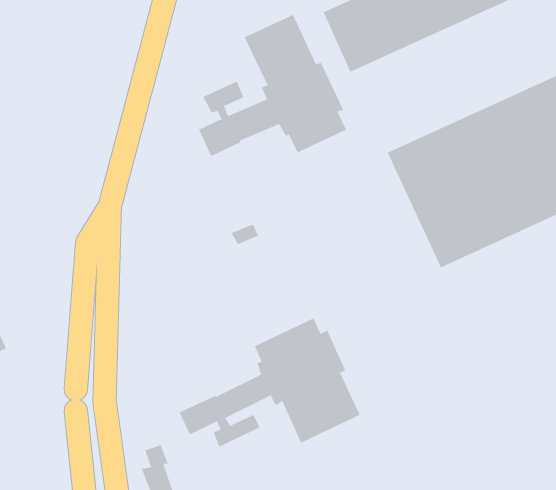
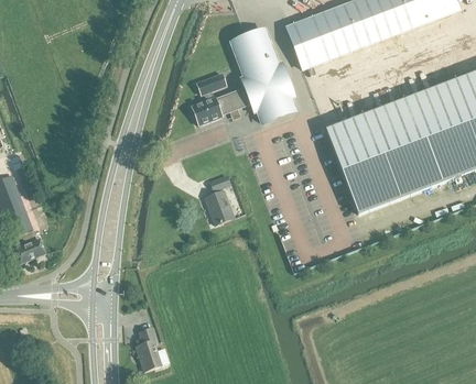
building: none -> [205,188,231,221]
building: [179,318,361,447] -> none

